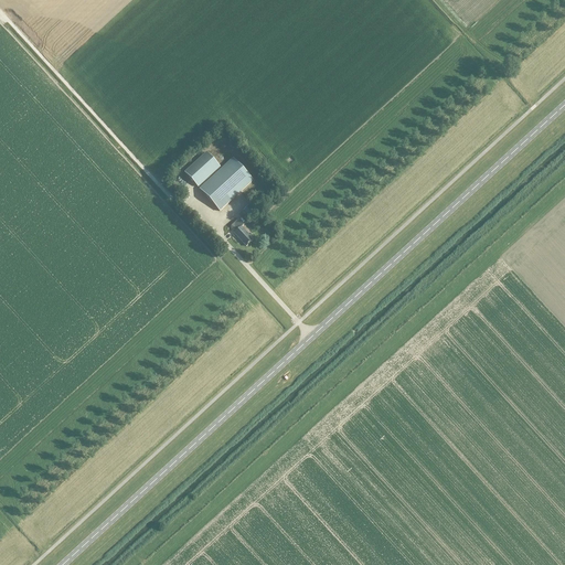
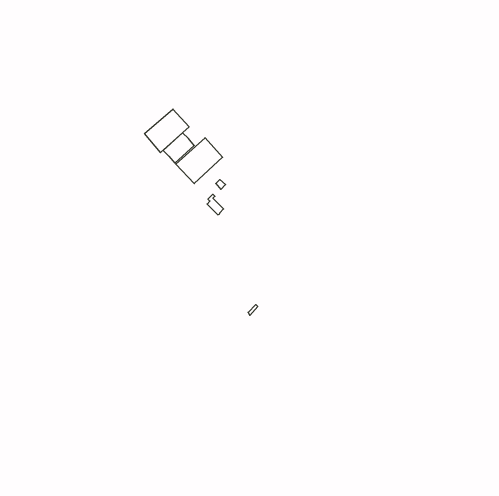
building: none -> [145,109,189,153]

